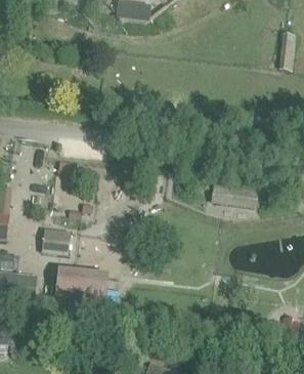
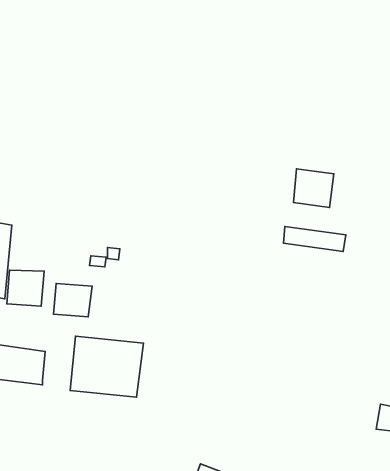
building: none -> [294,169,334,207]
building: none -> [7,270,44,306]

